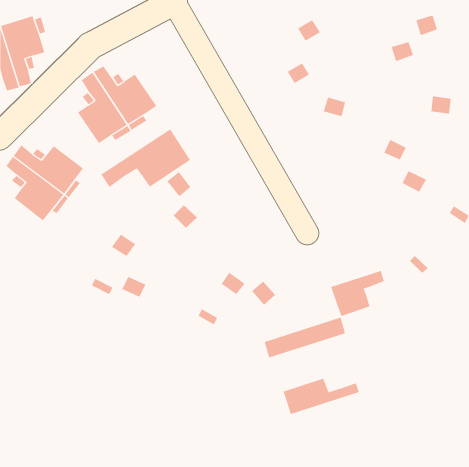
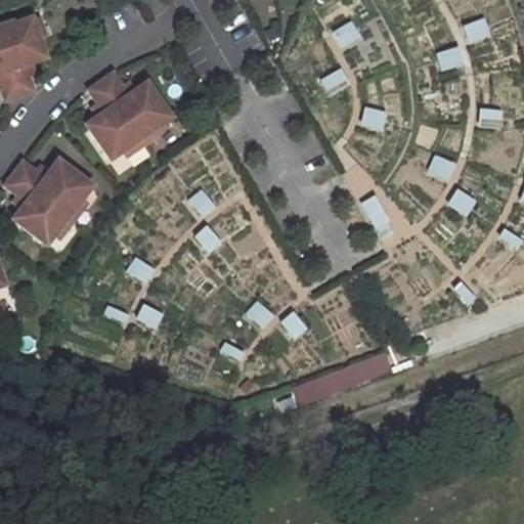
building: [101,129,191,188] -> none
building: [331,270,385,317] -> none
building: [283,378,359,415] -> none

